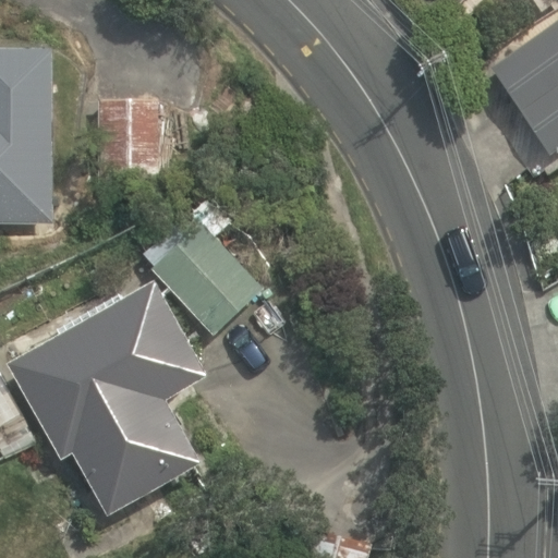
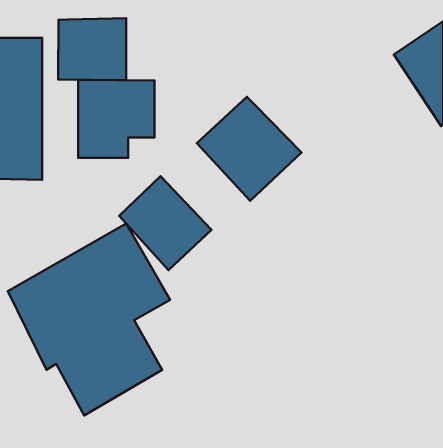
building: none -> [58,18,126,80]
building: none -> [197,97,302,201]

